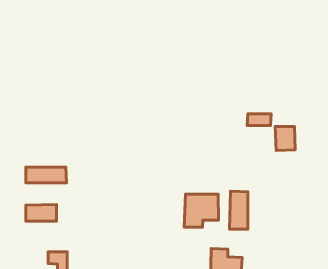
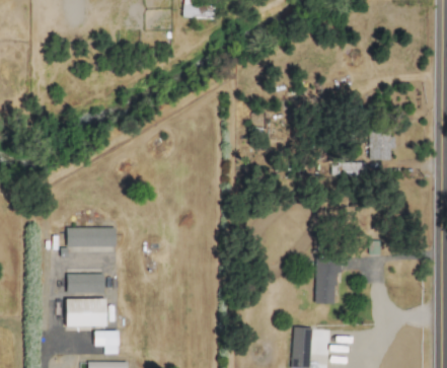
building: [275,127,295,151] -> [369,131,393,160]
building: [184,194,219,227] -> none
building: none -> [66,298,106,326]

